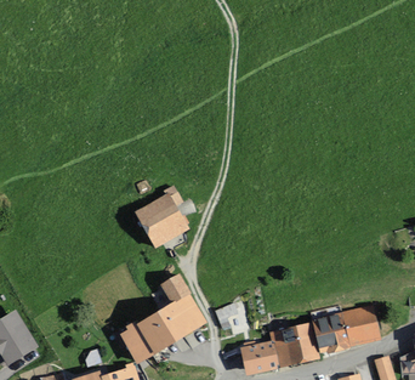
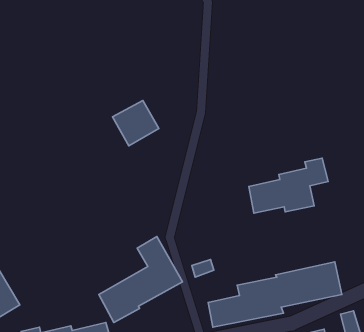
building: none -> [249,158,328,213]
building: [140,199,188,246] -> [112,101,159,146]

